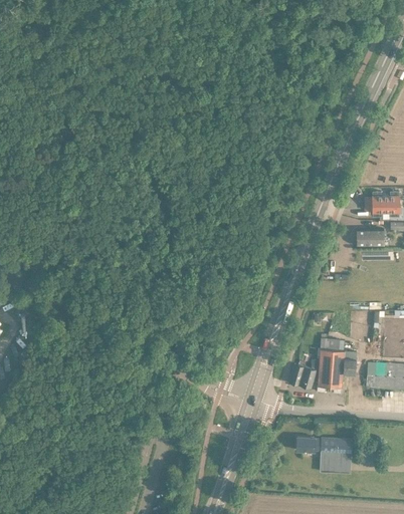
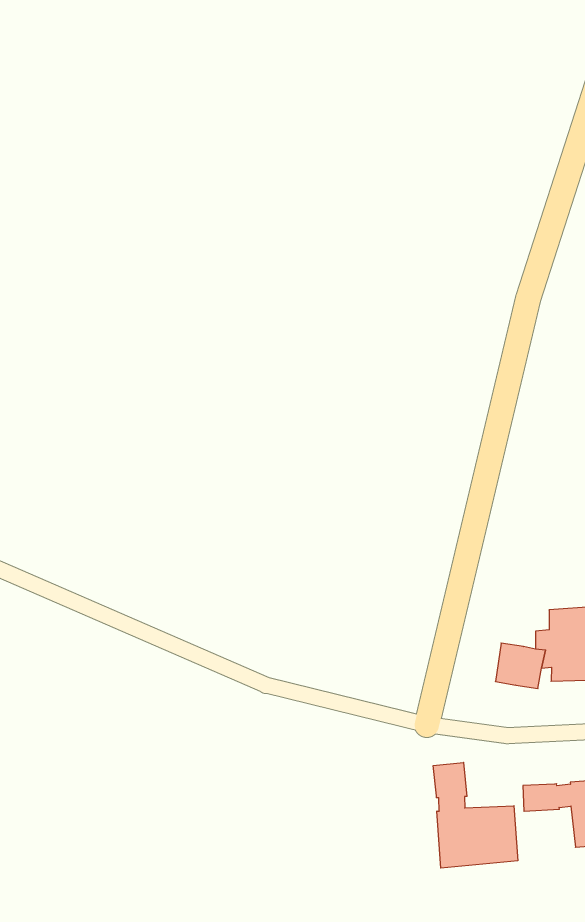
building: none -> [433,762,518,868]

